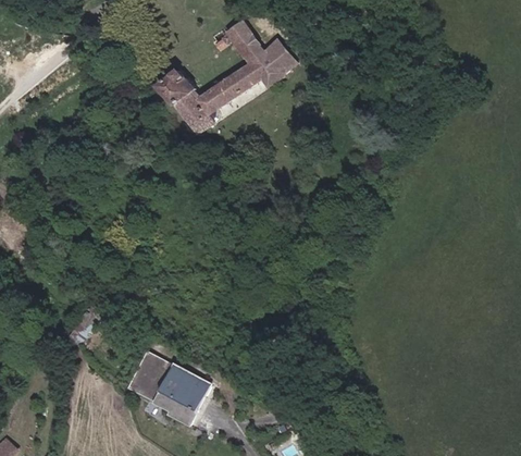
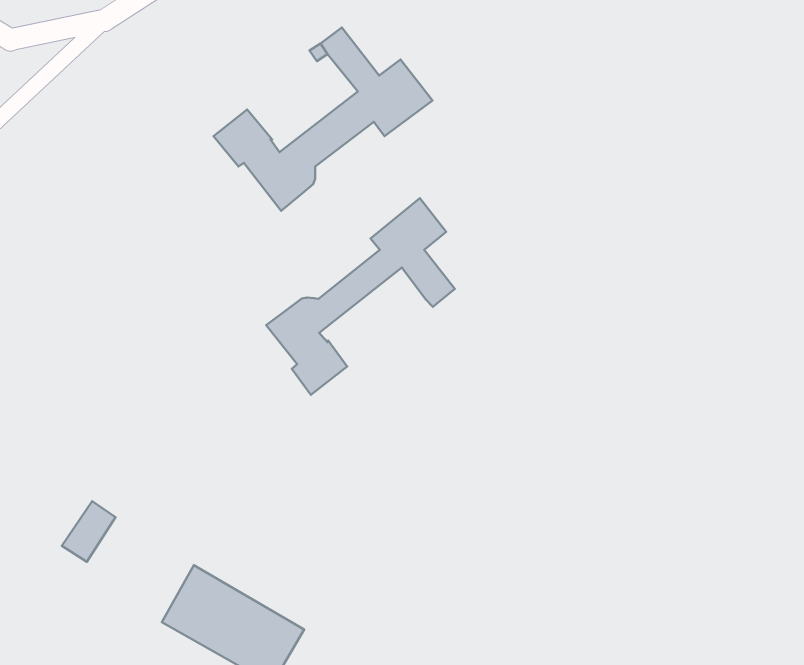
building: none -> [266,198,455,395]

